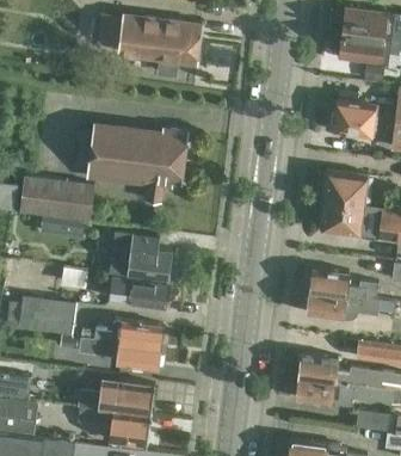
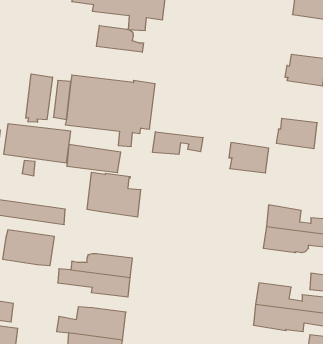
building: none -> [96,25,143,52]
building: none -> [26,74,53,122]
building: none -> [153,132,203,154]
building: [319,199,363,233] -> [229,143,269,173]
building: [109,276,168,307] -> [67,144,121,173]

